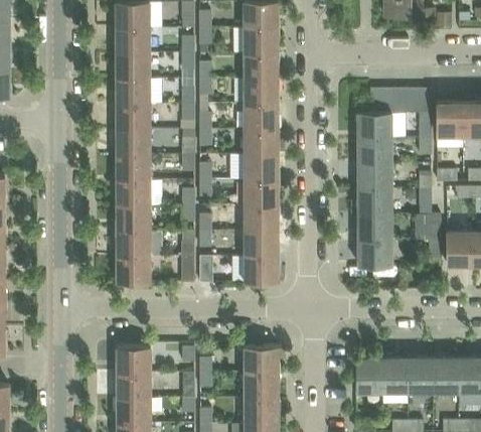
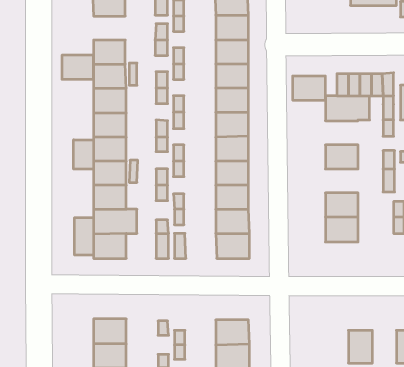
building: [116,28,149,53] -> [62,55,94,79]
building: [358,138,392,163] -> [293,76,325,100]
building: none -> [74,140,94,169]
building: [358,188,392,213] -> none
building: none -> [75,218,94,255]
building: [356,357,382,392] -> none
building: [408,357,433,392] -> none

